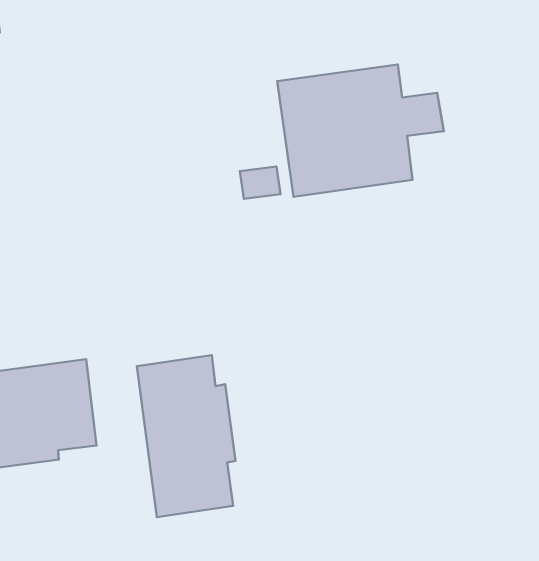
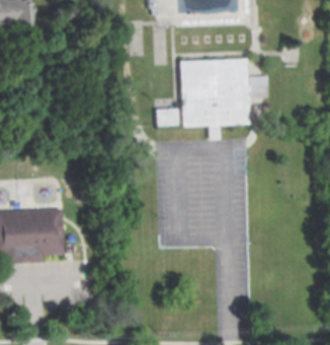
building: [137,355,235,517] -> none

